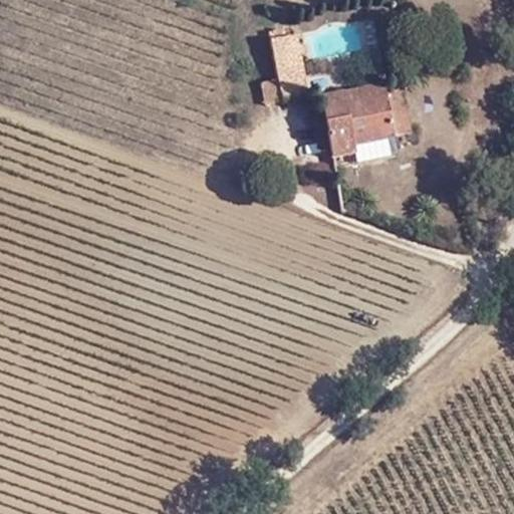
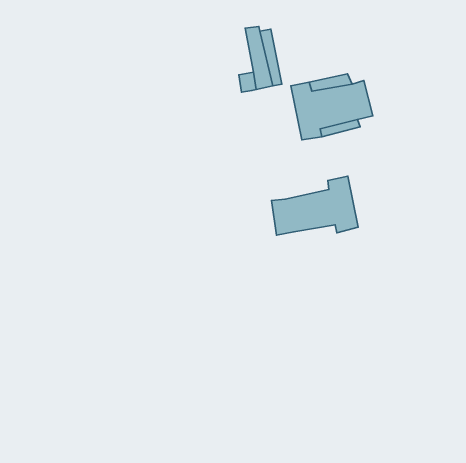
building: none -> [272,176,358,235]

